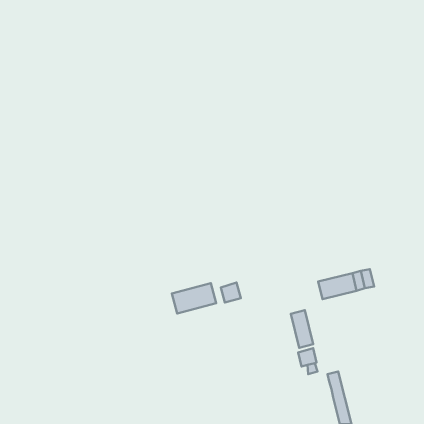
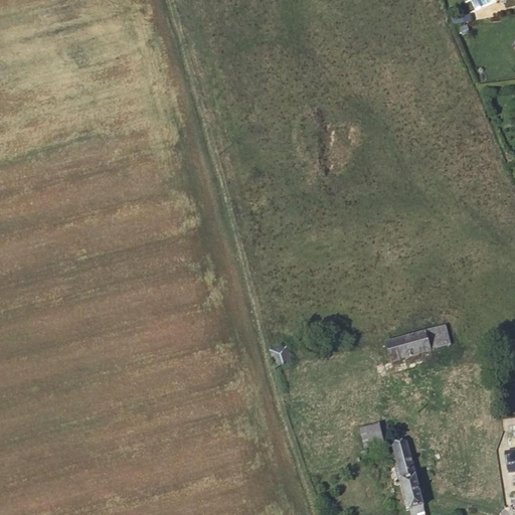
building: [172,283,216,313] -> none
building: [291,310,313,348] -> none

